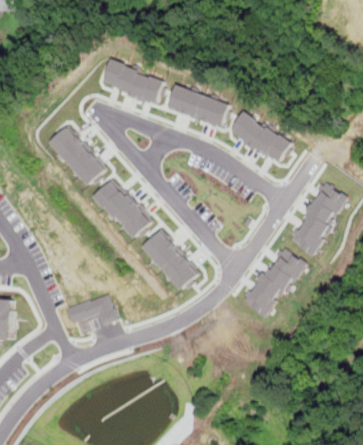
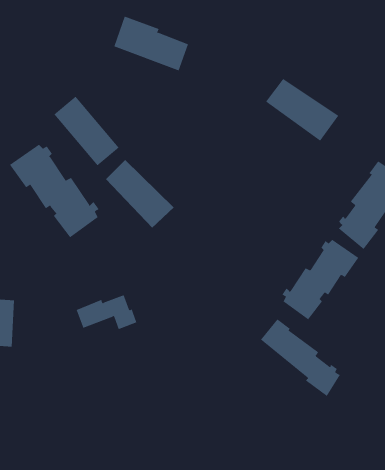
building: [166,82,229,127] -> none
building: none -> [9,144,99,238]
building: [141,229,197,289] -> none
building: none -> [260,318,340,397]

